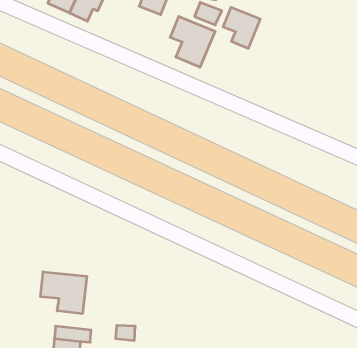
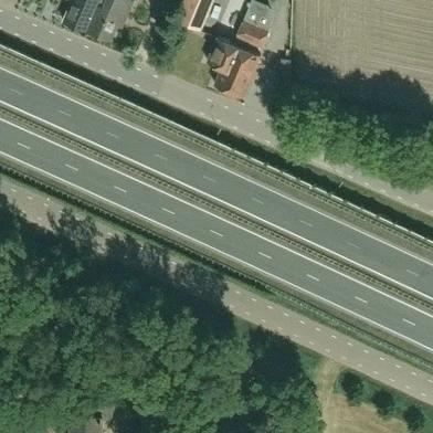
building: [223,7,260,48] -> none
building: [41,272,87,314] -> none

